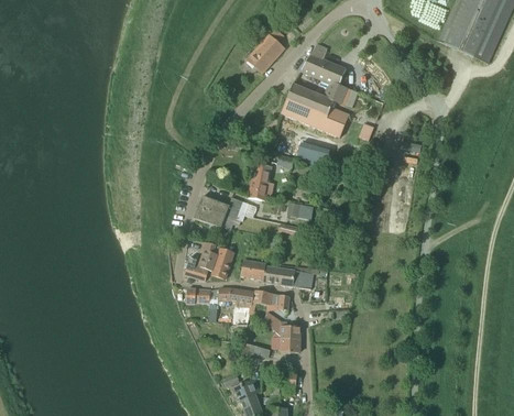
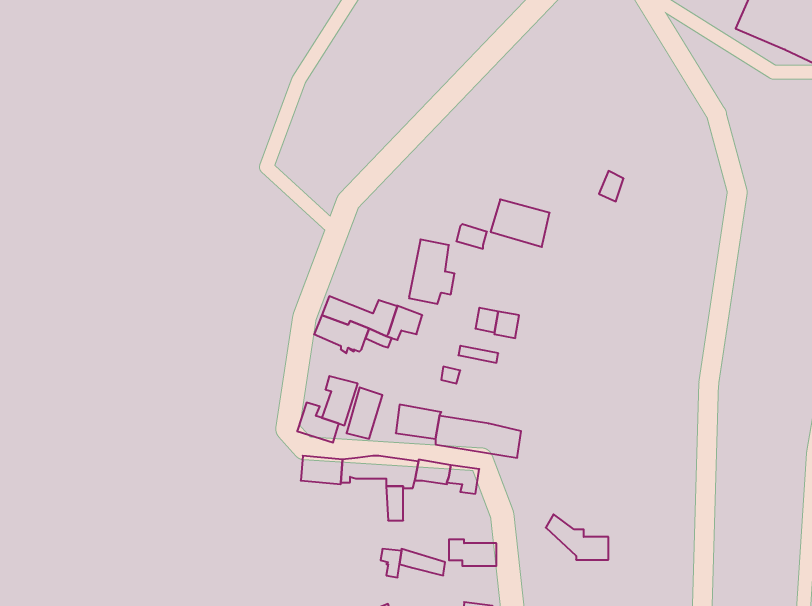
building: [247,35,284,73] -> none
building: [281,55,348,138] -> none
building: [263,313,299,339] -> [546,514,608,560]

